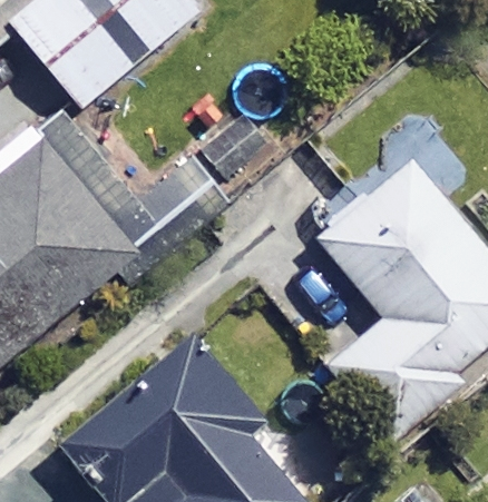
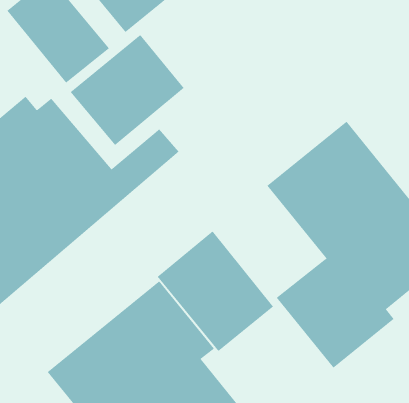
building: none -> [70,34,184,146]
building: none -> [157,230,274,352]

